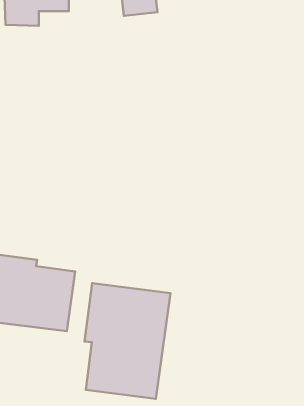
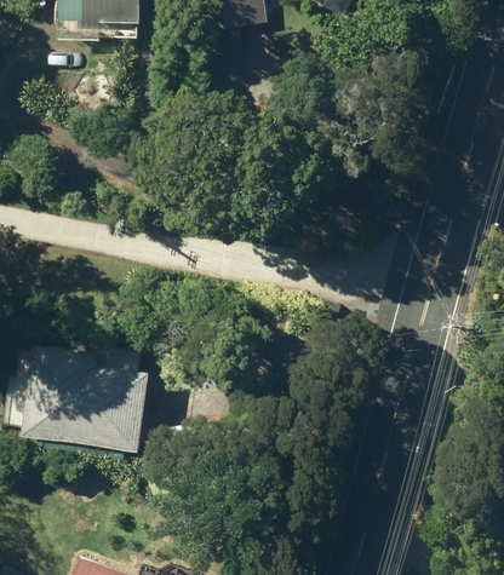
building: [84,283,170,399] -> none

